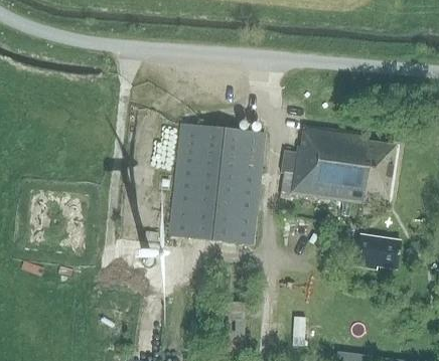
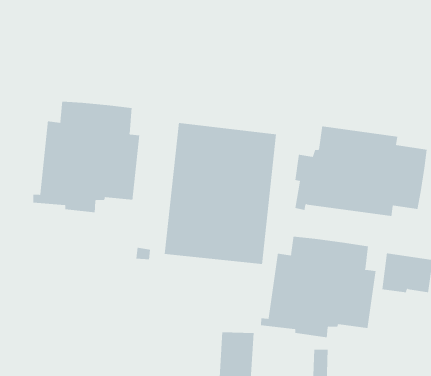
building: none -> [33,101,140,213]
building: none -> [261,236,376,338]

